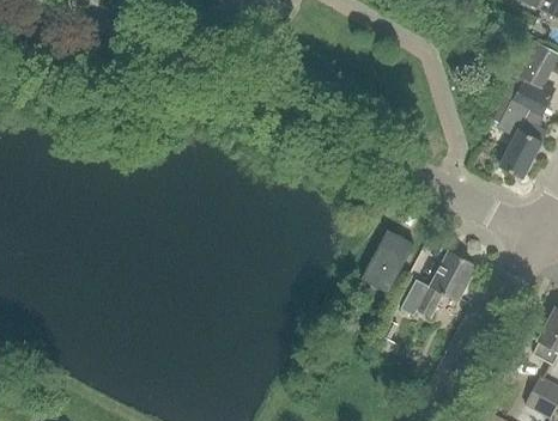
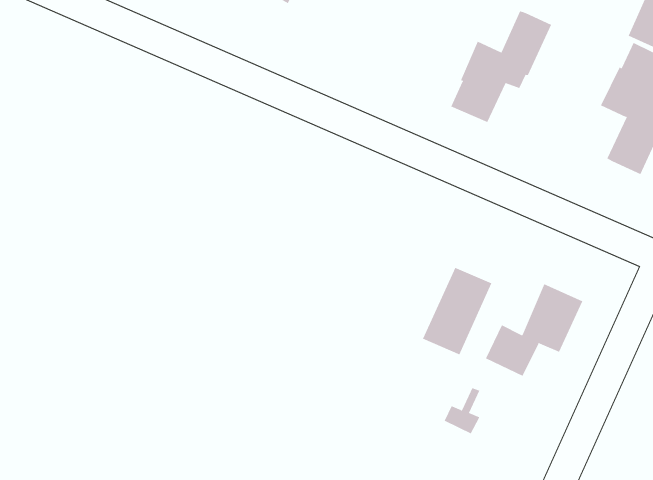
building: none -> [450,10,552,123]

